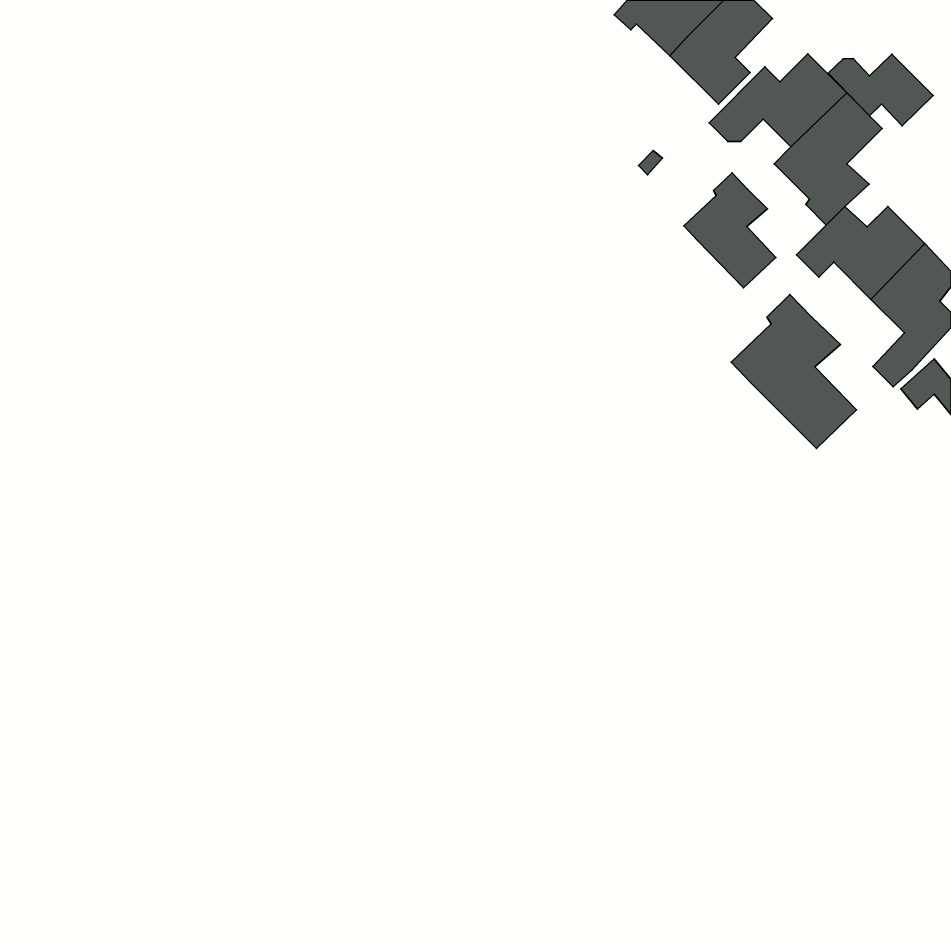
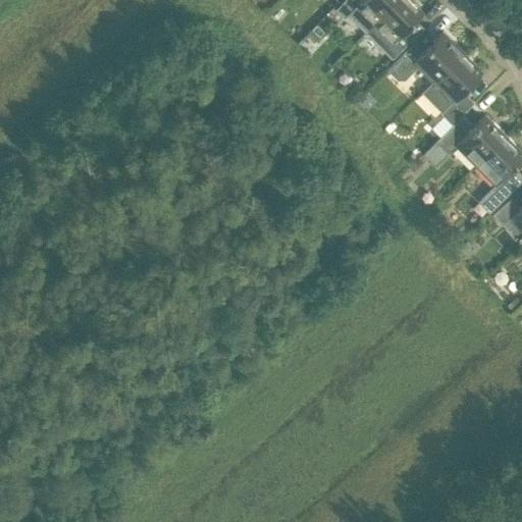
building: [828,54,933,126] -> none
building: [684,173,776,288] -> none
building: [731,295,857,448] -> none

